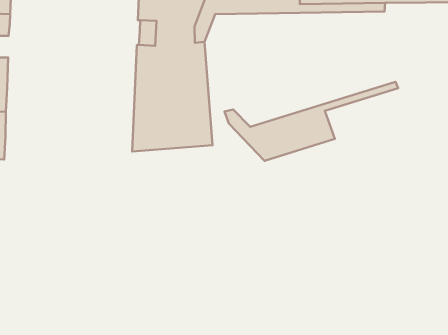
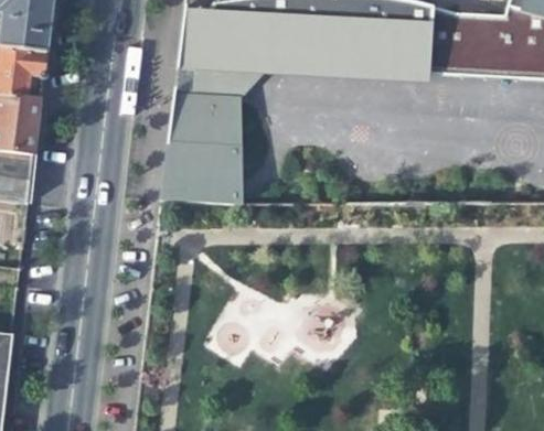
building: [225,82,398,161] -> none

